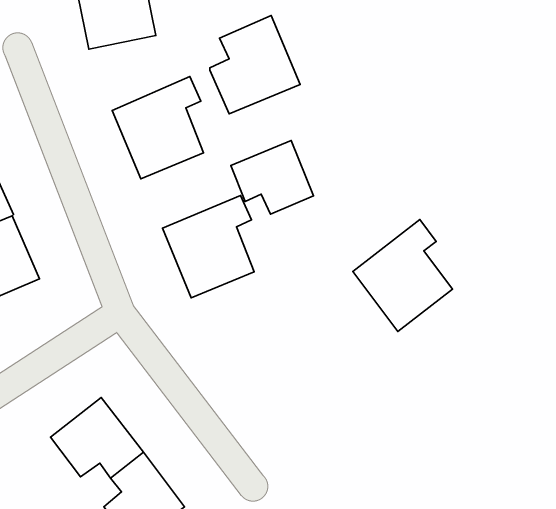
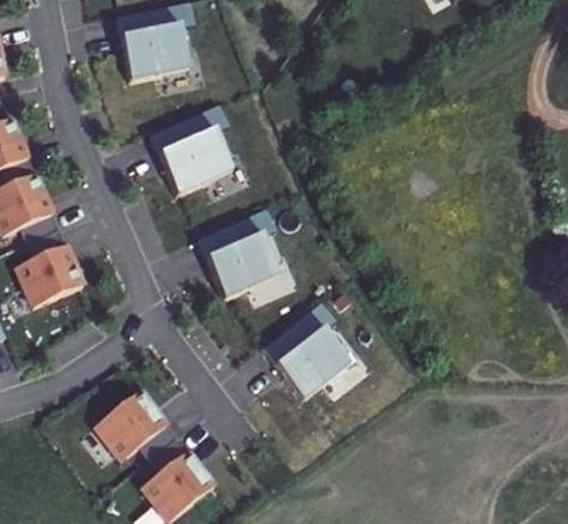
building: [210,16,300,114] -> none
building: [231,141,314,214] -> none
building: [353,220,453,332] -> [258,306,345,404]

